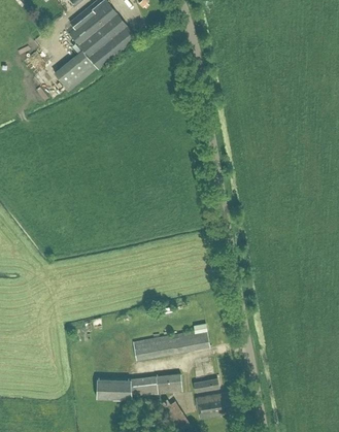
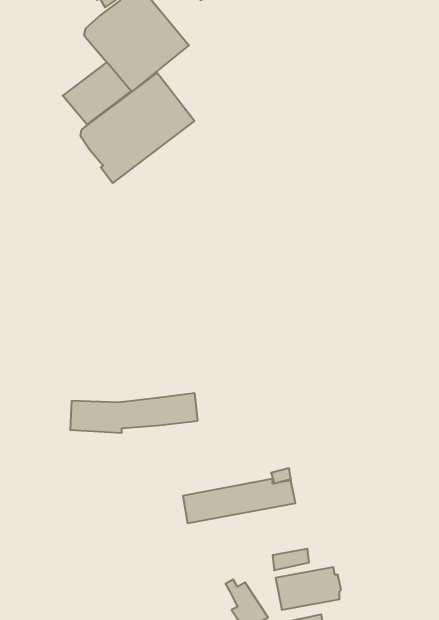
building: none -> [80,72,194,183]
building: [96,373,182,400] -> [70,393,198,433]

